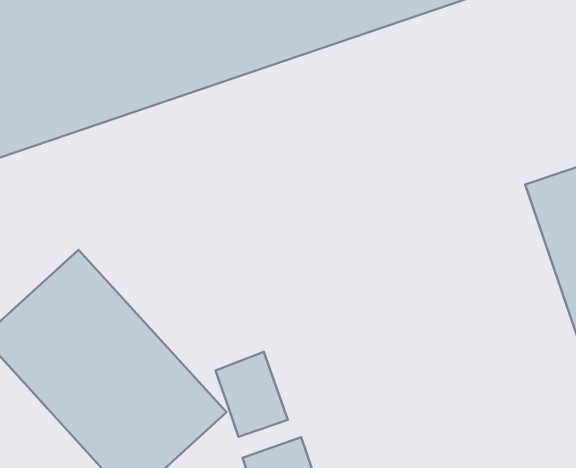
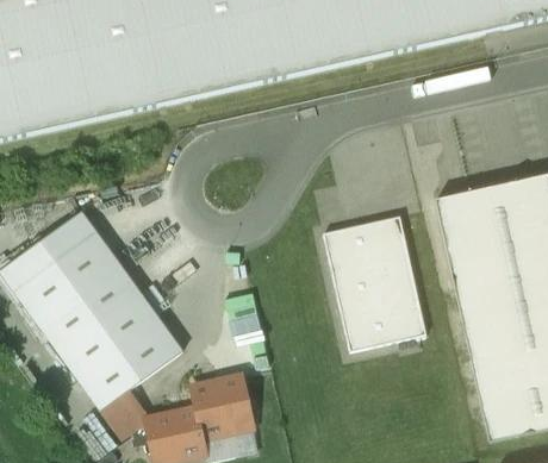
building: none -> [323,215,425,351]
building: [215,352,288,437] -> none

